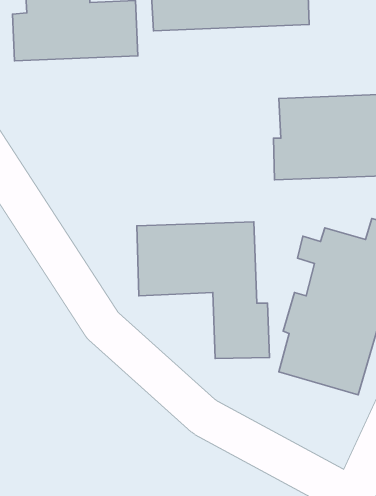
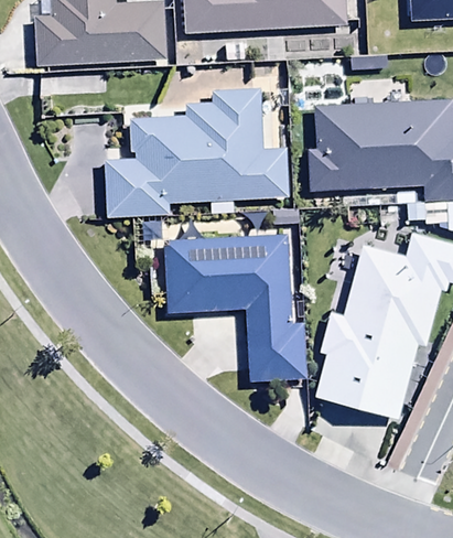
building: none -> [107,87,288,216]

